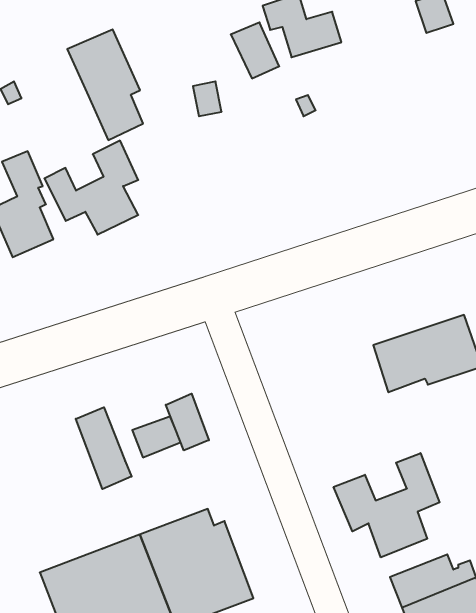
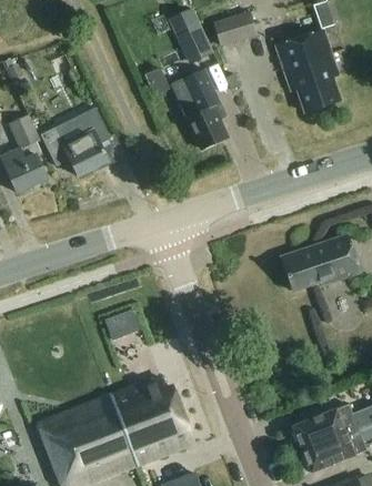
building: [67,29,143,140] -> [171,68,227,149]
building: none -> [275,30,340,111]
building: [166,394,209,450] -> none
building: [76,407,132,489] -> none
building: [334,453,440,557] -> none

